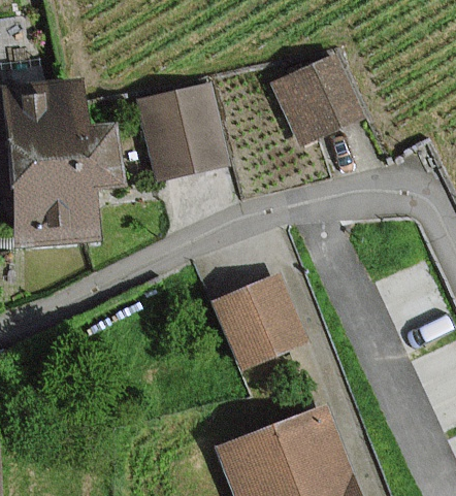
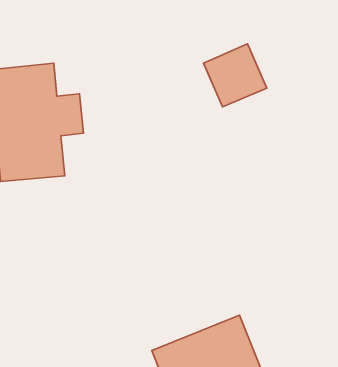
building: [141,84,225,177] -> none
building: [215,277,301,363] -> none

